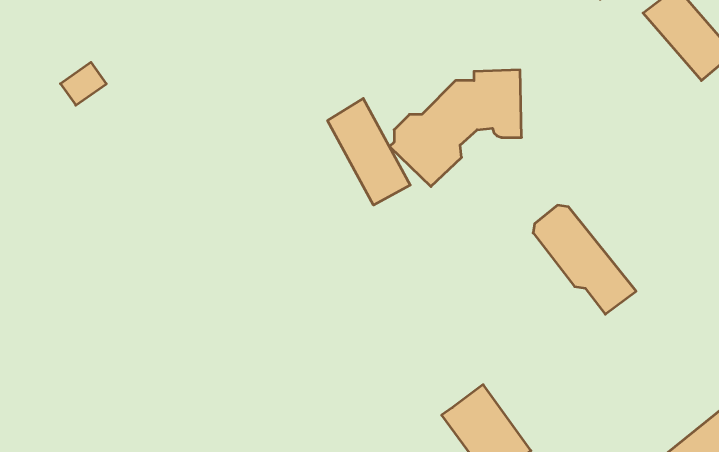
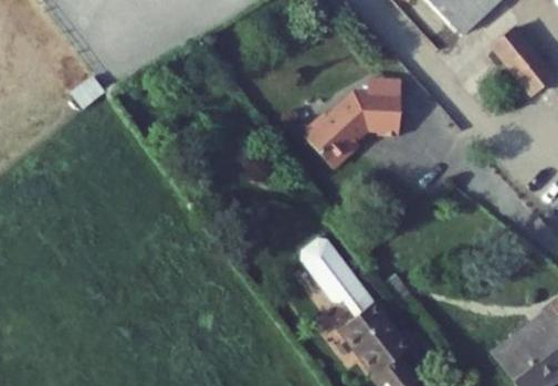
building: [328,98,410,205] -> none
building: [533,205,636,314] -> [299,246,373,324]

